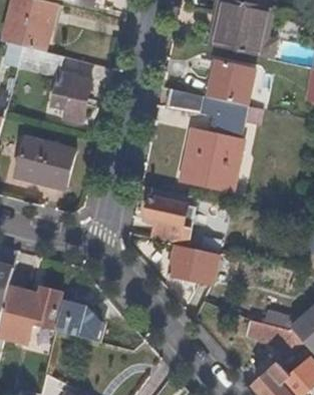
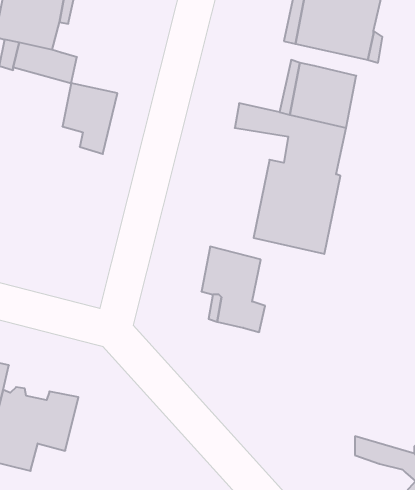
building: [12,135,72,189] -> none
building: [168,244,220,284] -> none
building: [57,289,103,341] -> none

